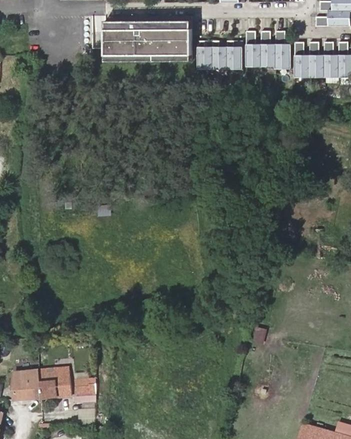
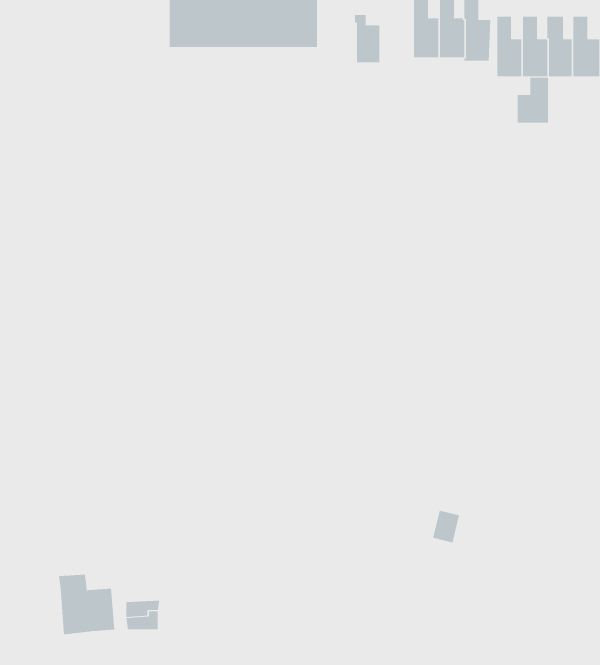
building: [193,40,209,68] -> none
building: [223,40,239,68] -> none
building: none -> [517,77,548,124]
building: [14,371,40,400] -> none

